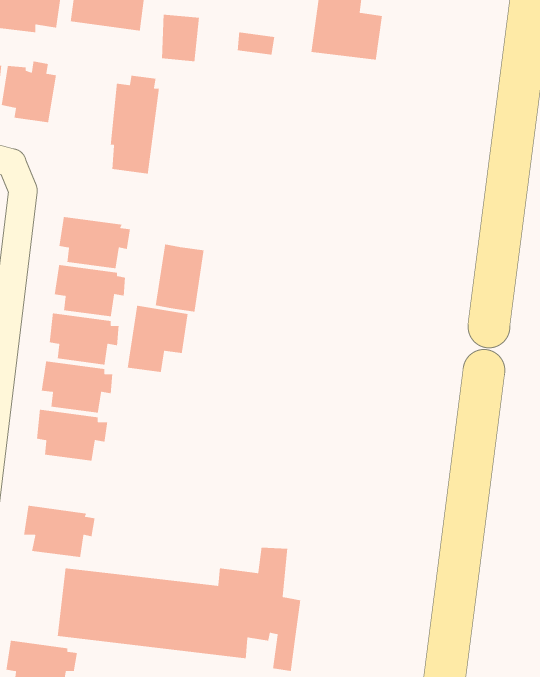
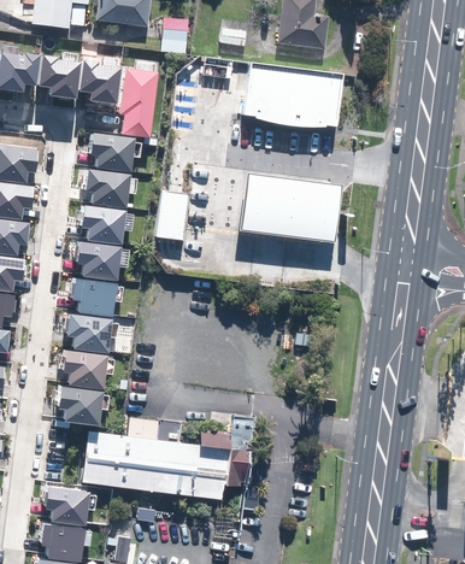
building: none -> [78,55,120,102]
building: none -> [242,61,343,127]
building: none -> [88,130,142,171]
building: none -> [239,171,341,241]
building: [127,305,189,373] -> none
building: none -> [60,349,114,389]

